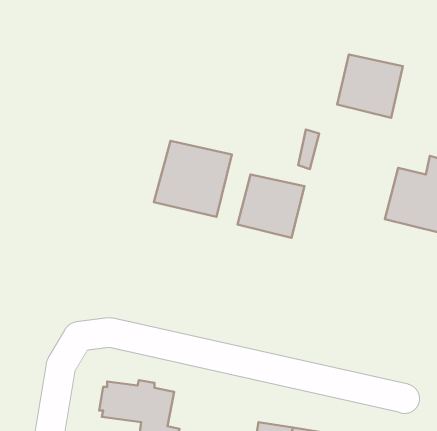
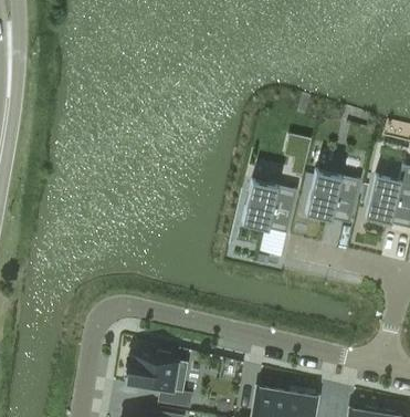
building: [337,54,403,118] -> [305,170,360,223]
building: [154,141,232,217] -> none

